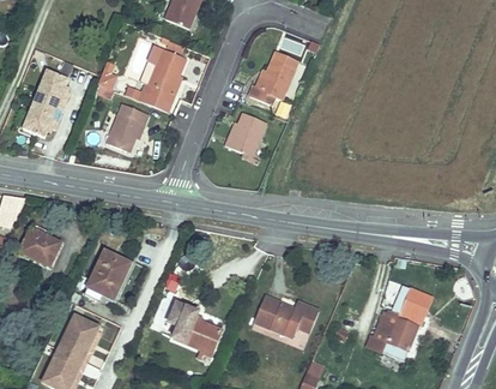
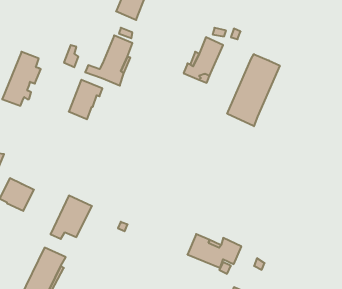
building: none -> [227,54,280,126]
building: [223,112,265,156] -> none
building: [370,288,431,351] -> none
building: [167,303,223,355] -> none

